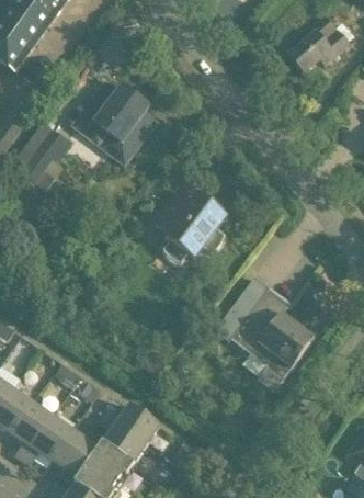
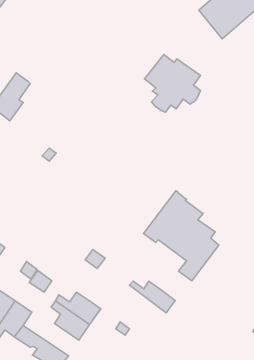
building: [73,82,156,162] -> none
building: [153,189,224,261] -> [145,55,201,112]
building: none -> [130,281,175,313]
building: [61,429,132,484] -> none

